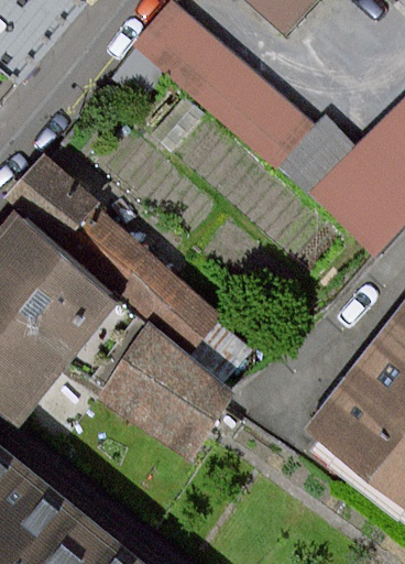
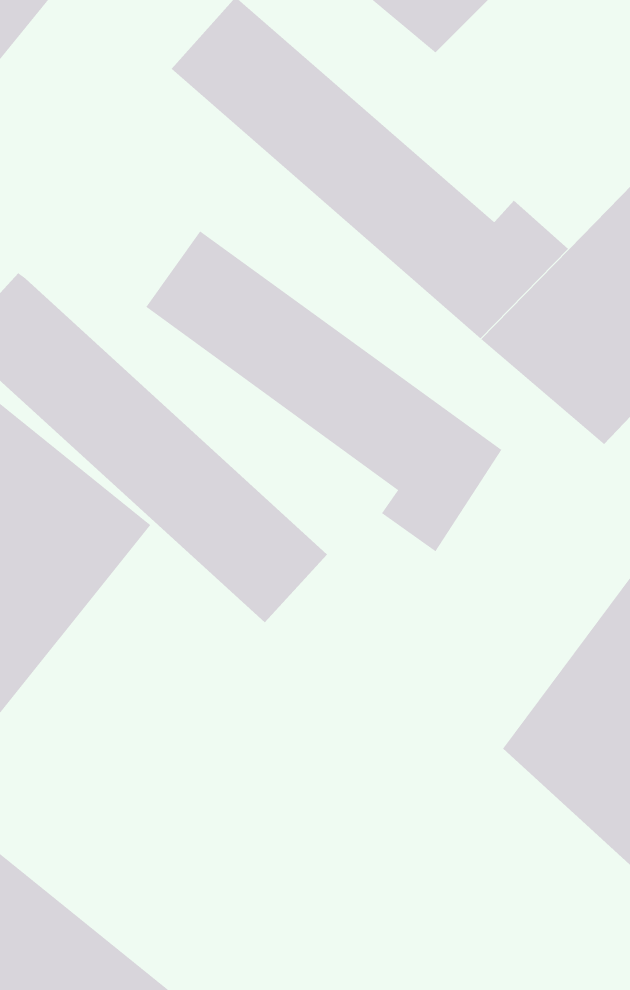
building: none -> [146,230,502,552]
building: [96,328,240,466] -> none

